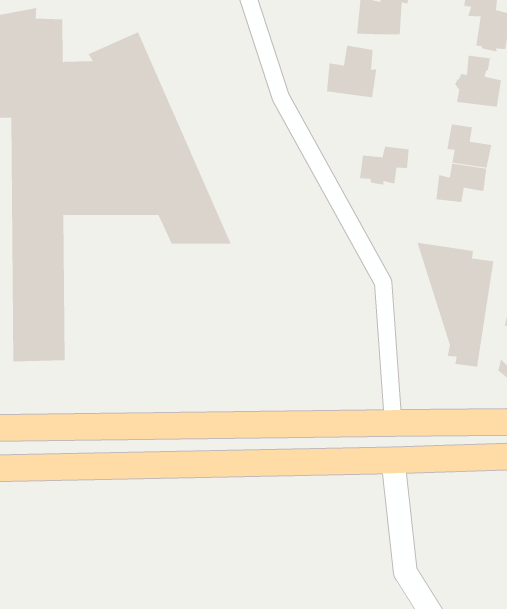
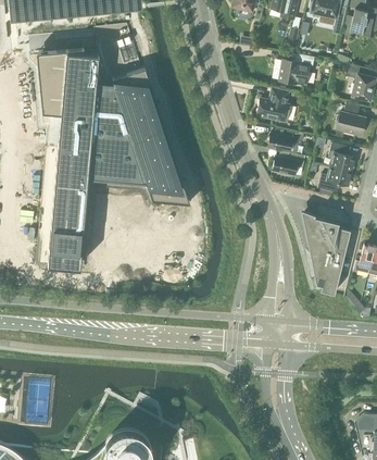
building: none -> [267,129,301,152]

